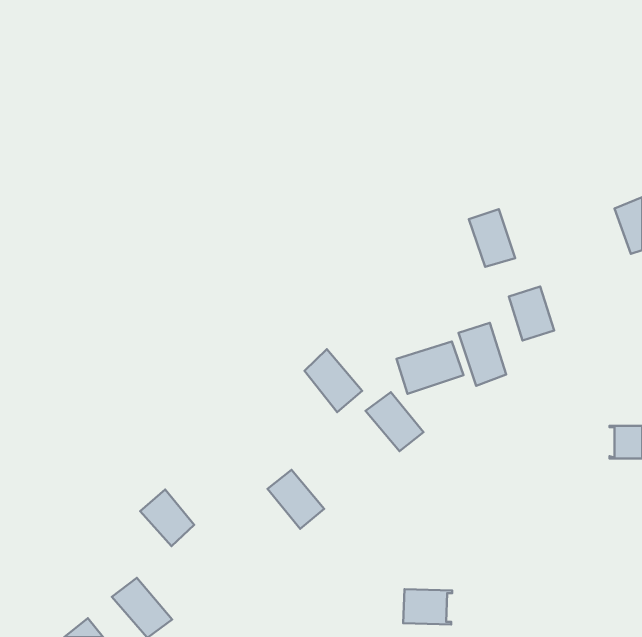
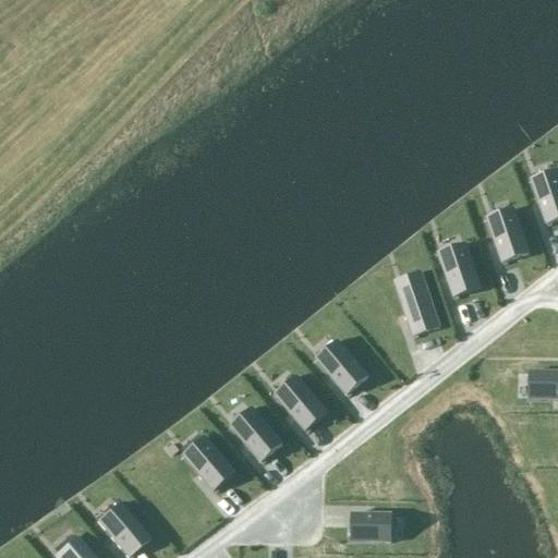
building: [469,209,515,267] -> [488,209,529,259]
building: [396,341,463,394] -> none
building: [304,349,362,412] -> [277,374,327,428]
building: [140,490,194,546] -> [187,440,234,489]

